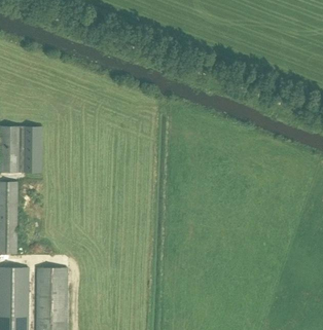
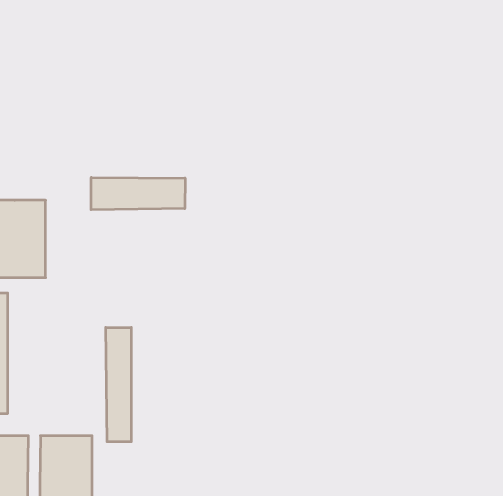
building: none -> [91,177,185,210]
building: none -> [106,327,131,442]

